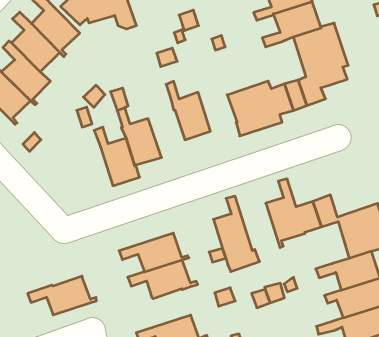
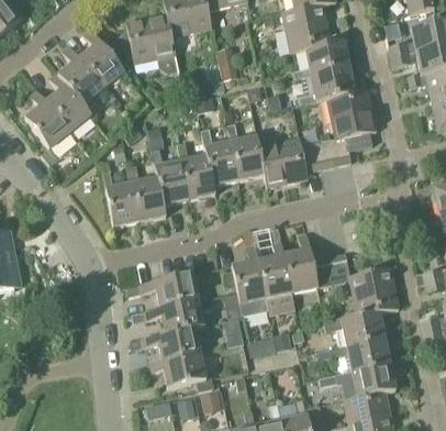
building: none -> [226,123,265,179]
building: none -> [177,142,215,199]
building: none -> [102,169,140,226]
building: none -> [258,239,291,298]
building: [28,276,96,315] -> [141,327,205,361]

